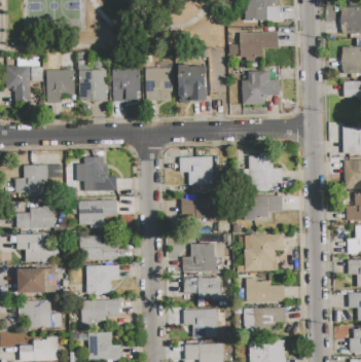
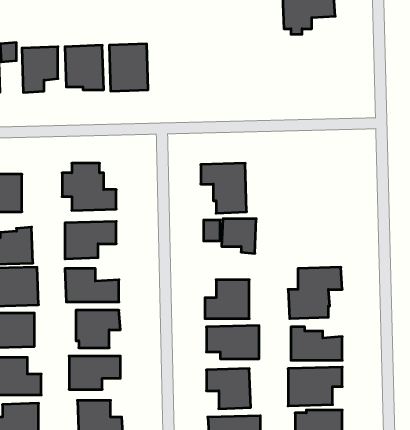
building: [178,64,206,102] -> none
building: [145,67,174,100] -> none
building: [242,71,279,105] -> none
building: [248,155,282,191] -> none
building: [241,195,282,221] -> none

